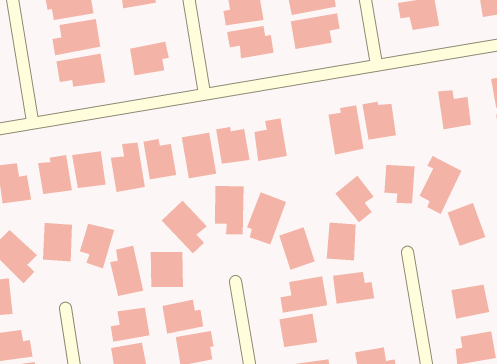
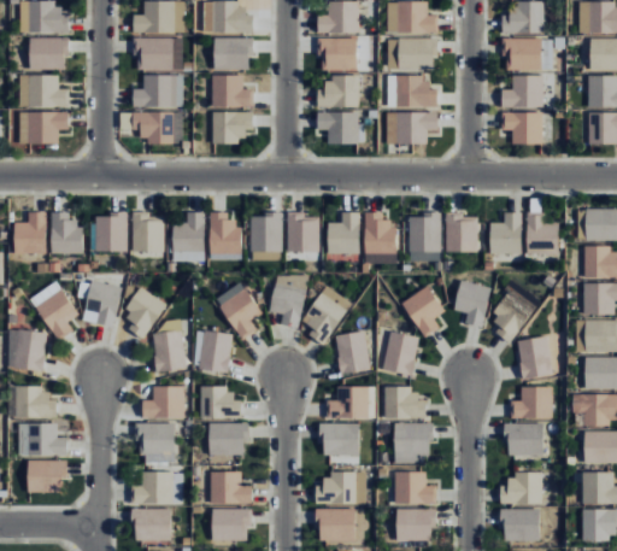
building: none -> [212,75,253,107]
building: none -> [489,212,522,254]
building: none -> [364,212,395,254]
building: none -> [511,386,552,420]
building: none -> [394,423,433,463]

